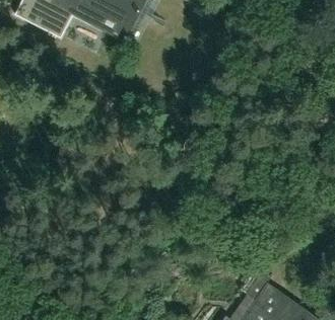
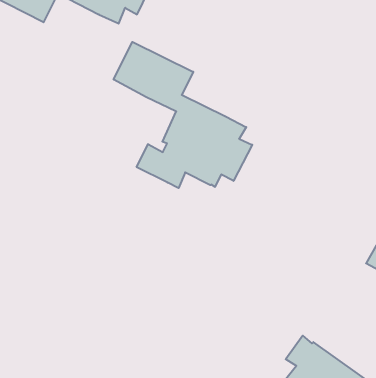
building: none -> [114,42,252,188]

